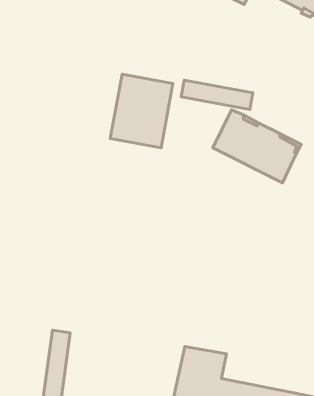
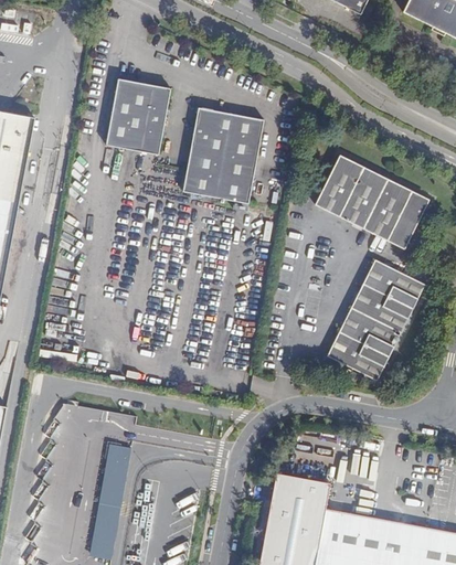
building: none -> [105,79,169,156]
building: [181,80,253,110] -> none
building: none -> [328,260,425,381]

